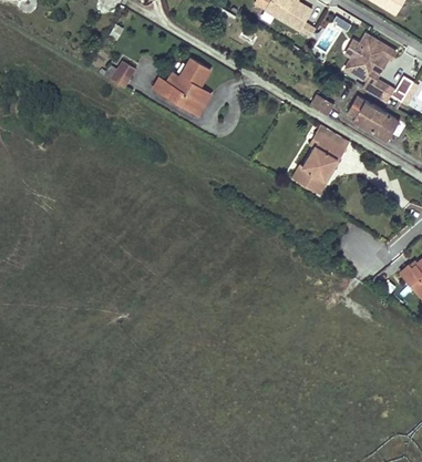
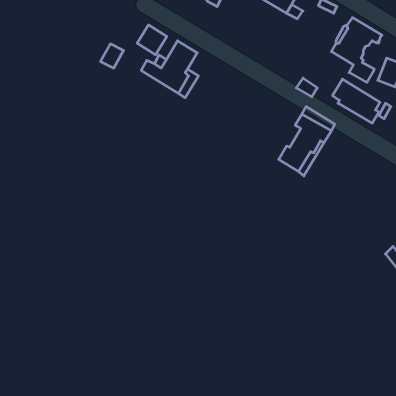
building: none -> [137,25,167,55]

